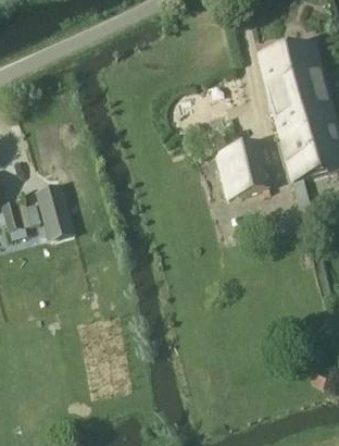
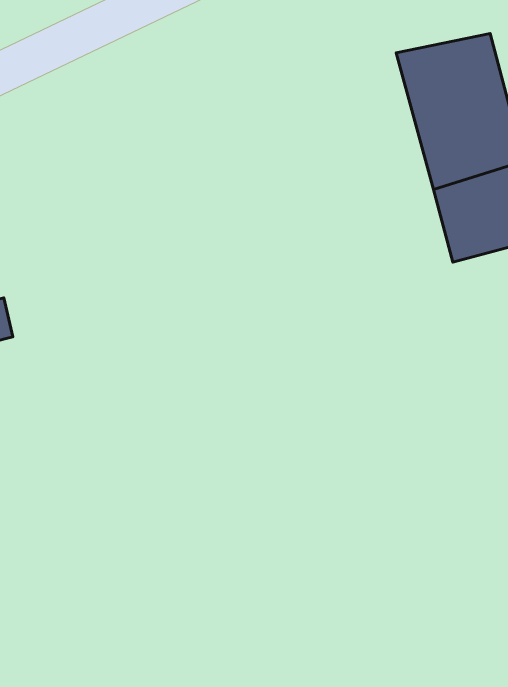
building: [217,140,271,198] -> none
building: [36,185,72,231] -> none

